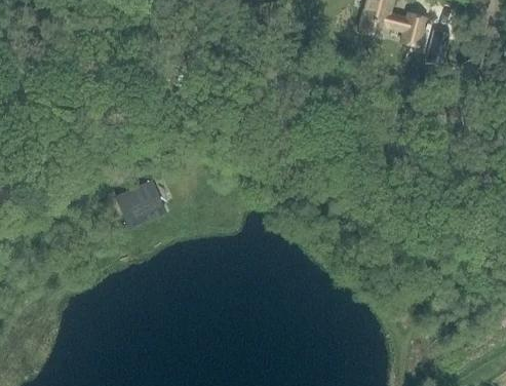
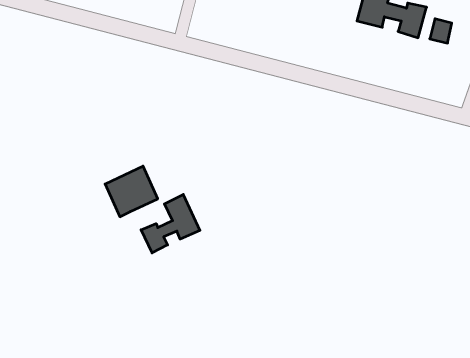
building: none -> [141,194,200,253]

